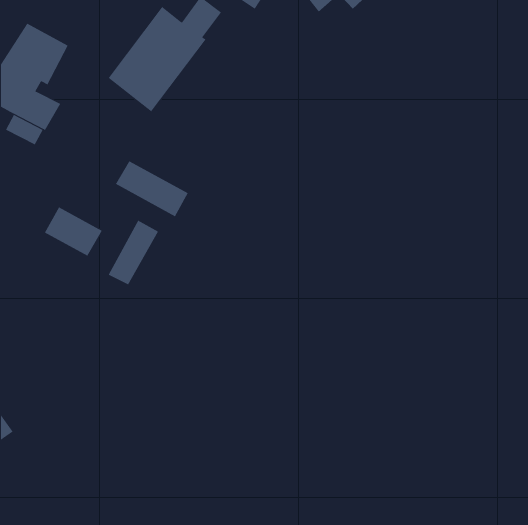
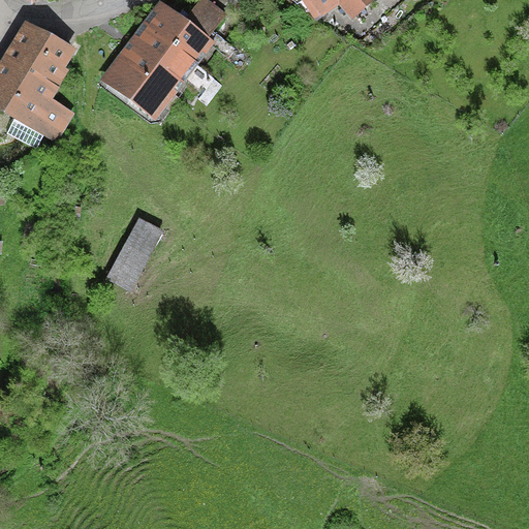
building: [115,161,189,217] -> none
building: [44,206,103,256] -> none

